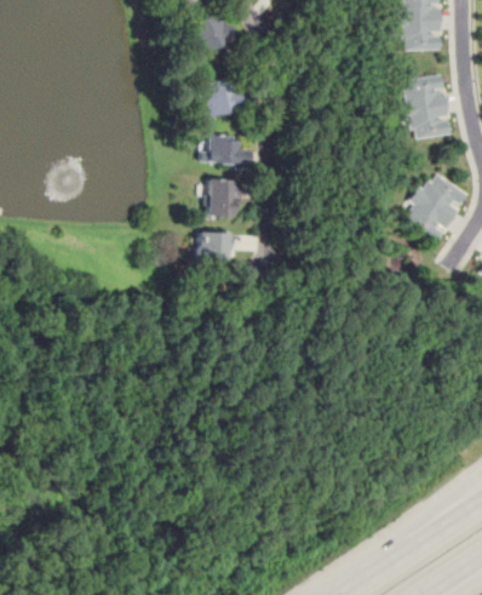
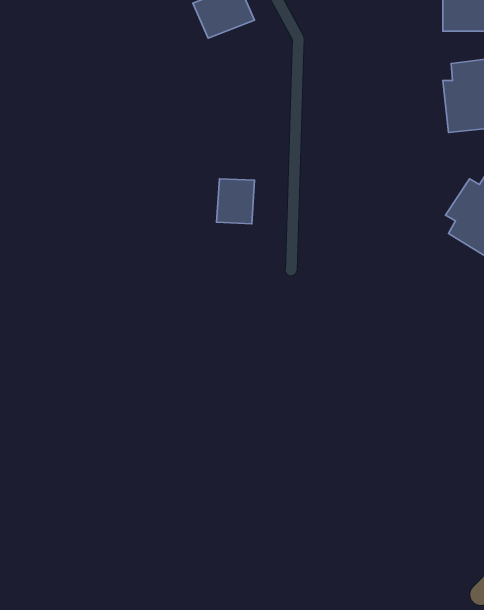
building: [201,75,242,116] -> none
building: [201,137,246,164] -> none
building: [196,230,231,267] -> none

